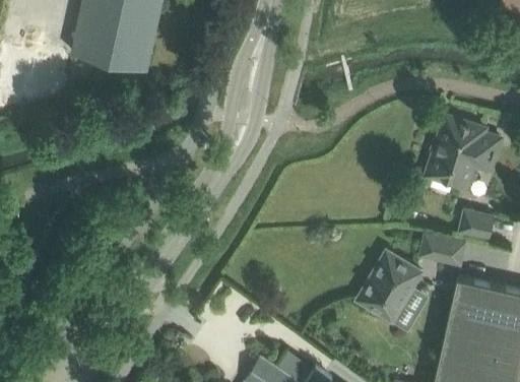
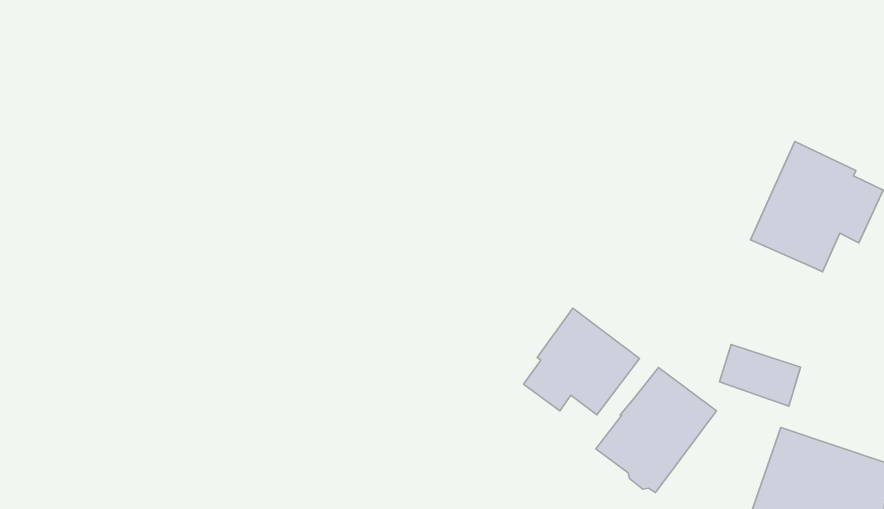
building: [459,210,494,240] -> none
building: none -> [524,308,640,415]

